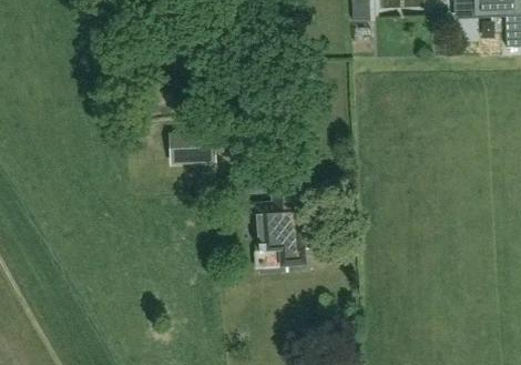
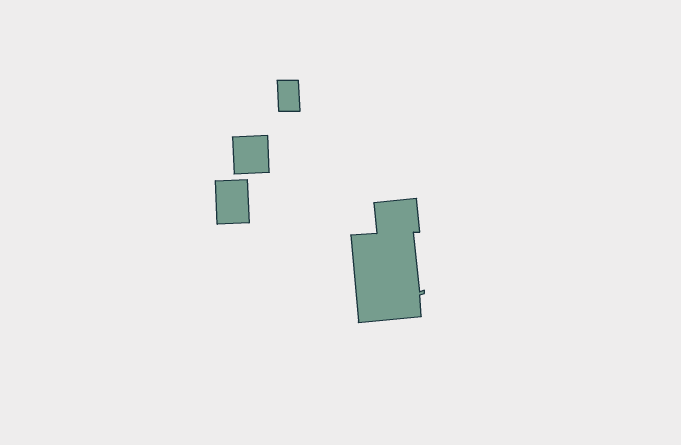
building: none -> [215,180,249,224]

